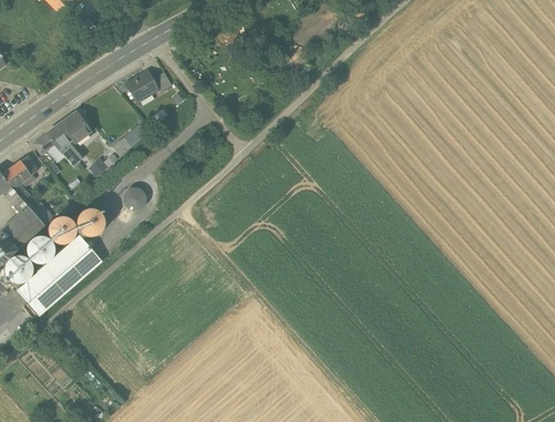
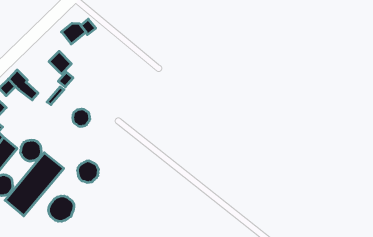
building: [61,112,90,142] -> [49,51,71,74]
building: [76,208,104,236] -> [77,161,99,182]
building: [27,236,54,265] -> none
building: none -> [49,196,74,221]

